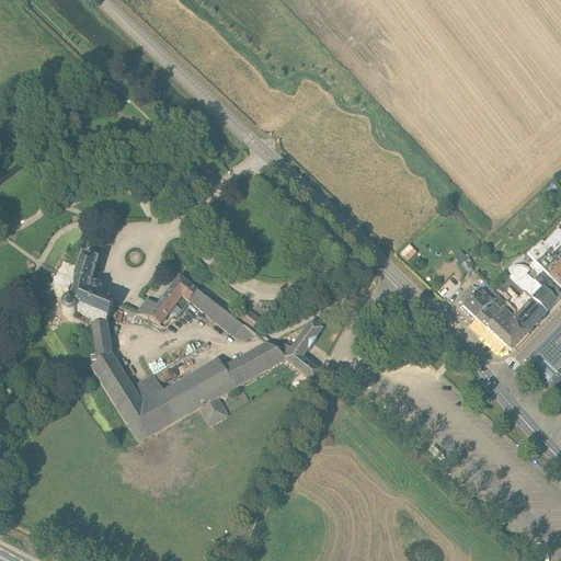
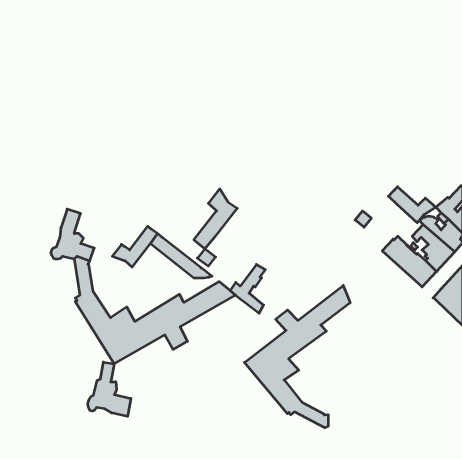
building: none -> [388,187,436,223]
building: none -> [194,189,237,249]
building: none -> [244,285,350,428]
building: none -> [88,362,131,416]

